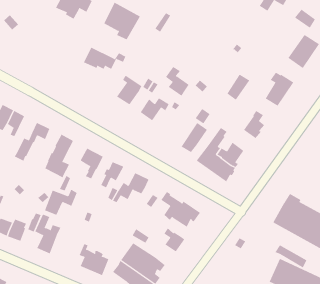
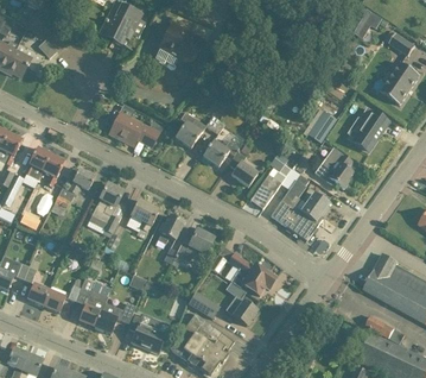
building: [83,47,126,69] -> [108,114,160,141]
building: [165,66,190,97] -> [227,150,256,187]
building: [44,189,78,215] -> [94,301,134,333]

